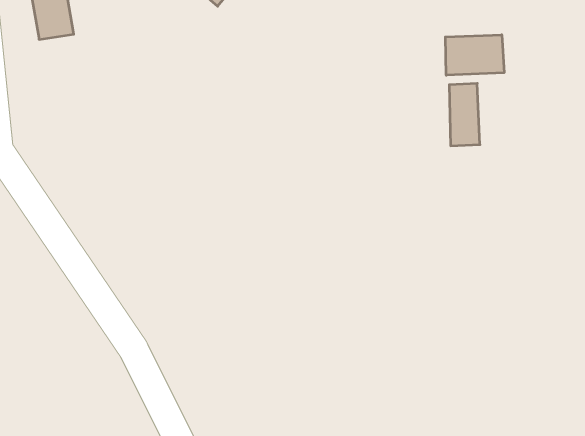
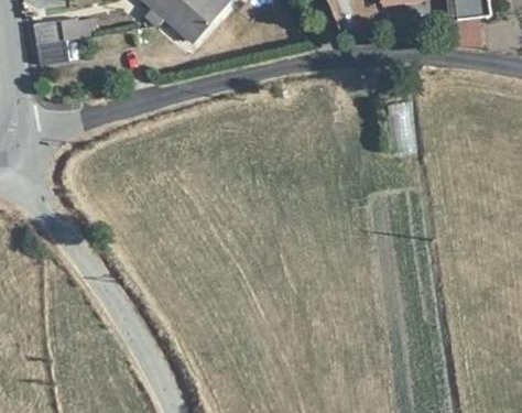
building: [445,35,504,75] -> none

